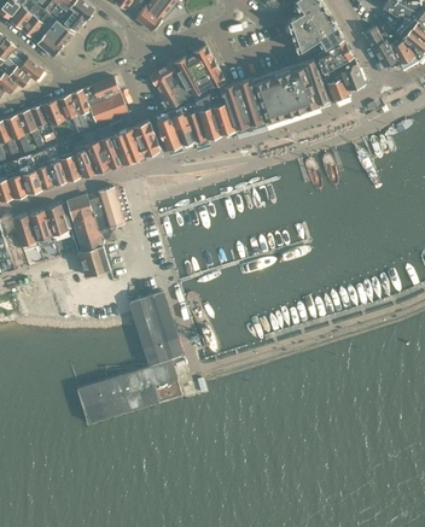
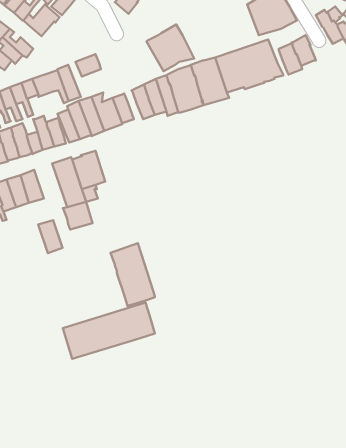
building: [316,39,353,71] -> none
building: [149,63,191,109] -> none
building: [82,86,128,125] -> none
building: [43,204,71,241] -> [38,220,63,253]

